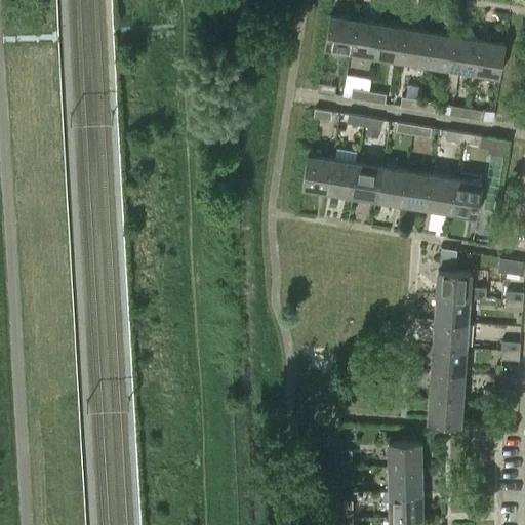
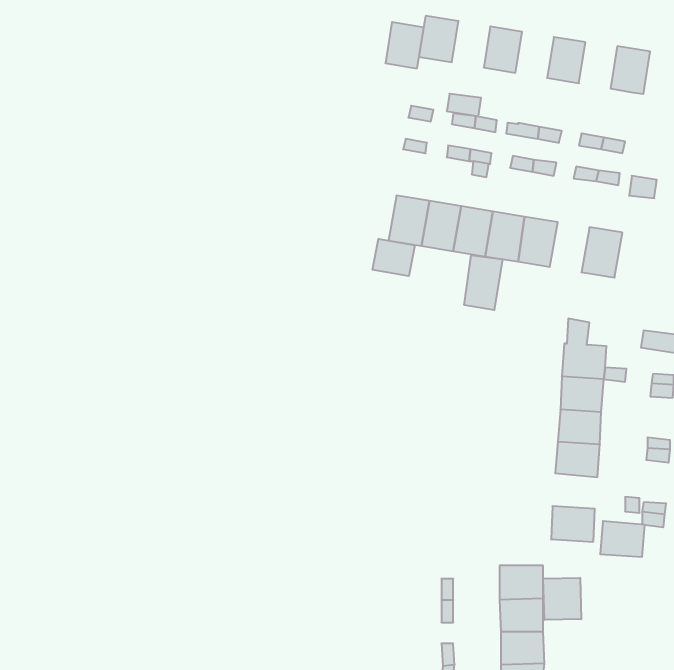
building: [352,21,381,56] -> [385,22,424,68]
building: [401,29,431,65] -> none
building: [450,37,480,73] -> none
building: [428,176,458,215] -> none
building: none -> [372,239,415,276]
building: none -> [464,255,502,310]
building: [430,371,465,399] -> [600,521,645,557]
building: none -> [543,578,581,620]

